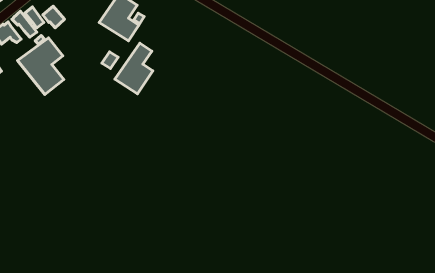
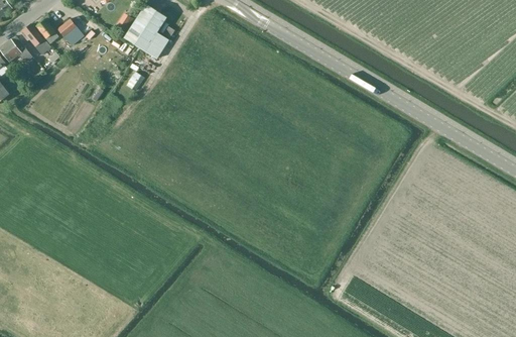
building: [18,38,64,94] -> none
building: [115,43,153,94] -> none

